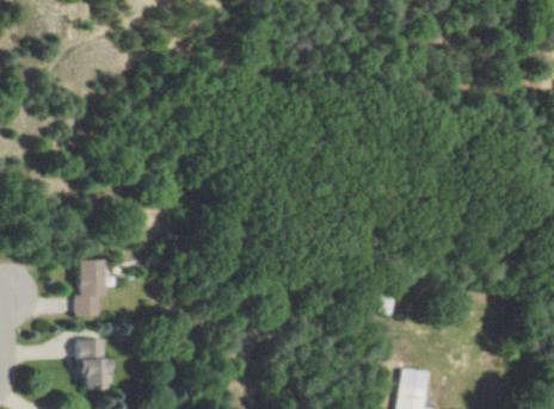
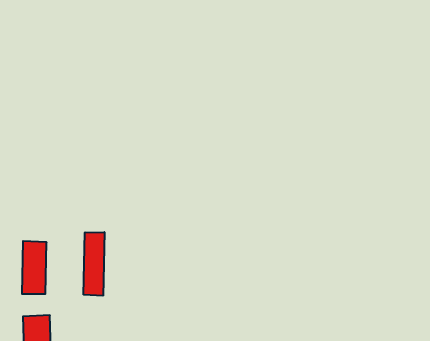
building: none -> [84,232,104,296]

